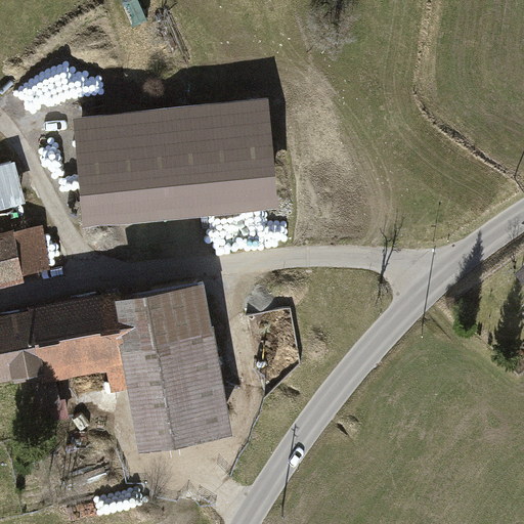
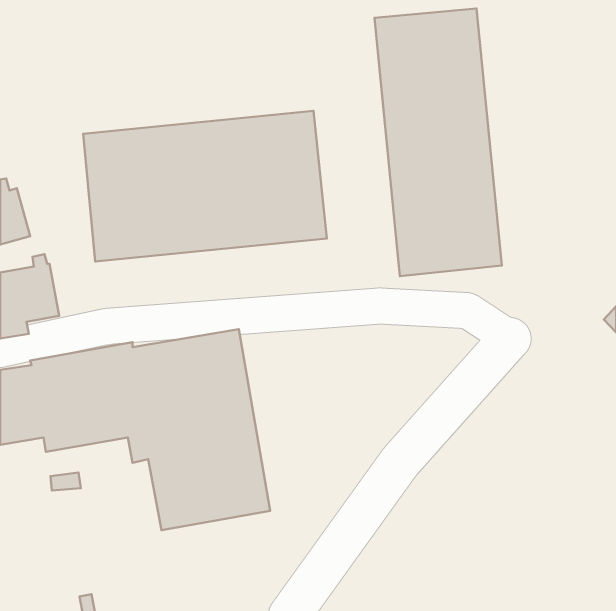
building: none -> [374,8,502,276]

